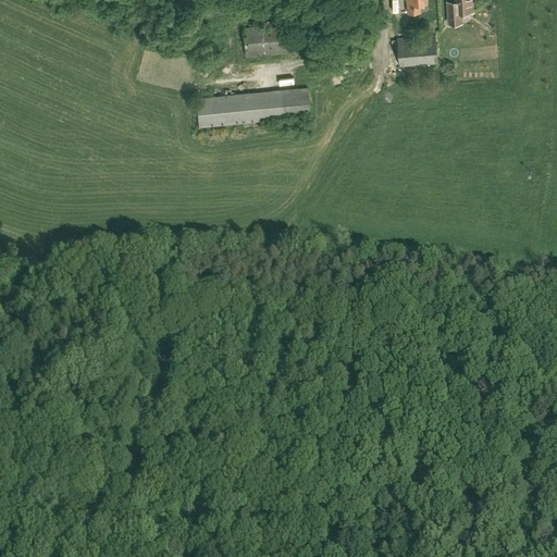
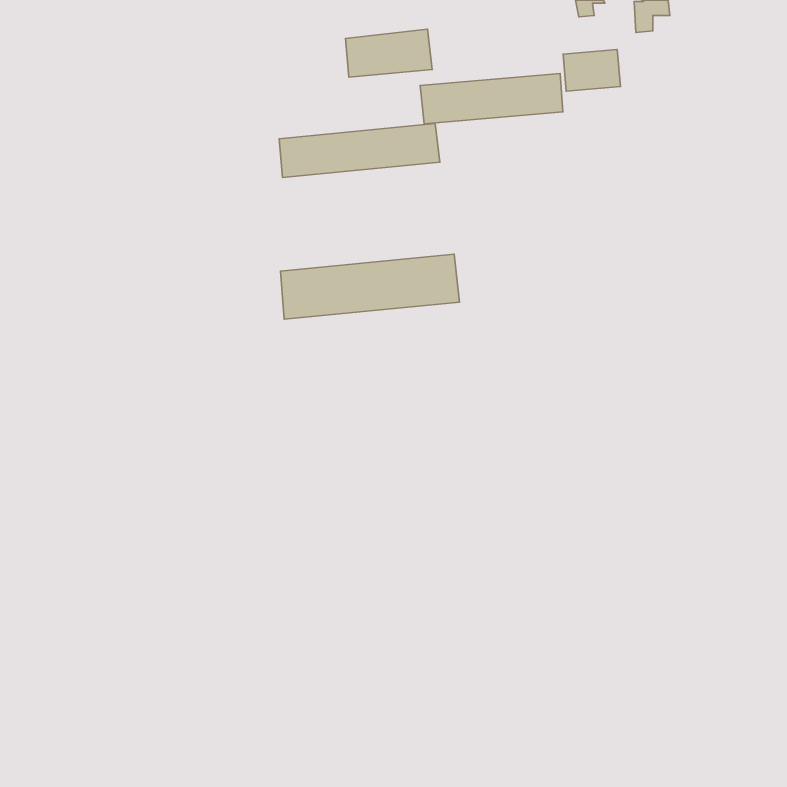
building: none -> [420,74,563,124]
building: none -> [280,254,460,319]

